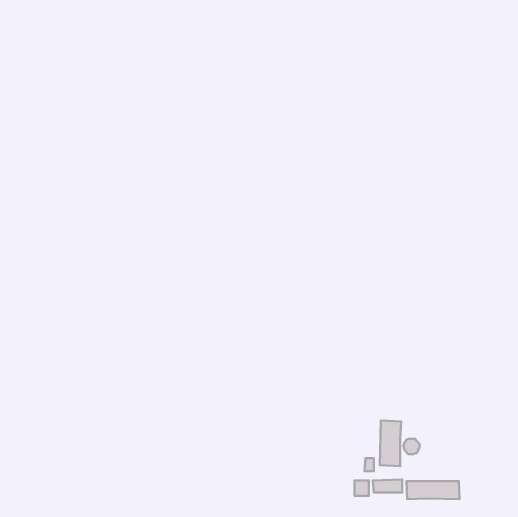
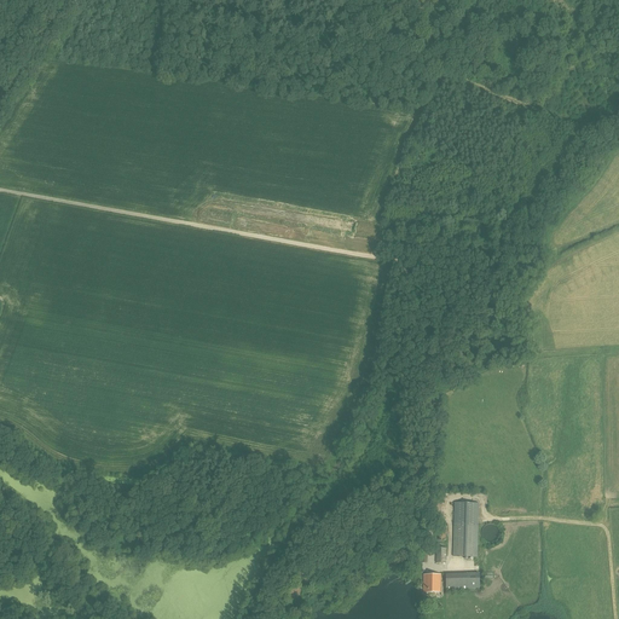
building: [406,481,459,499] -> none

